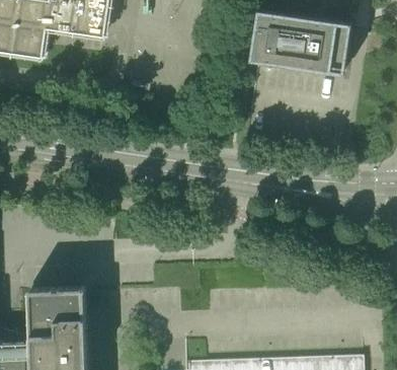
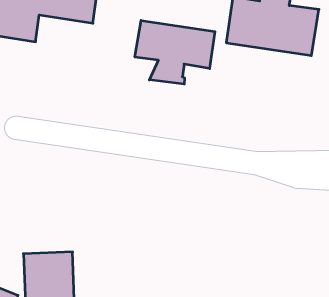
building: none -> [135,20,215,84]

